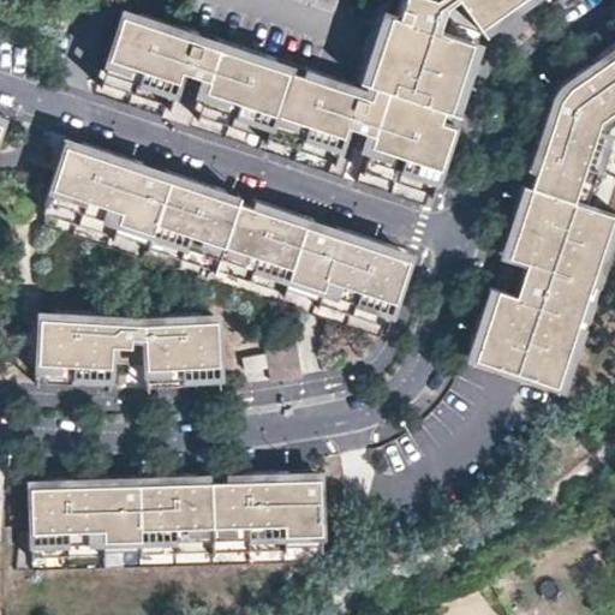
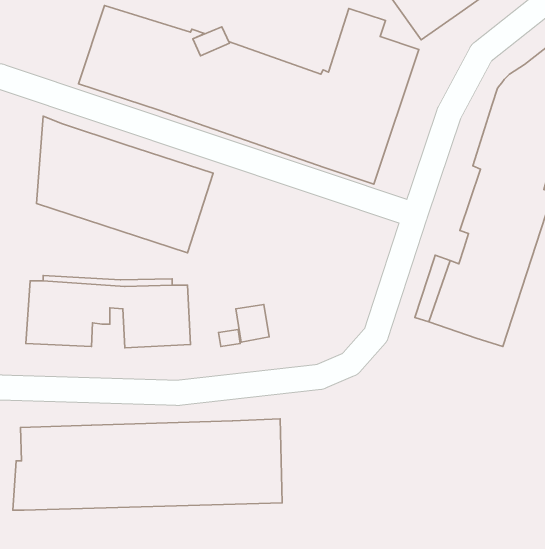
building: [215,193,412,338] -> none

